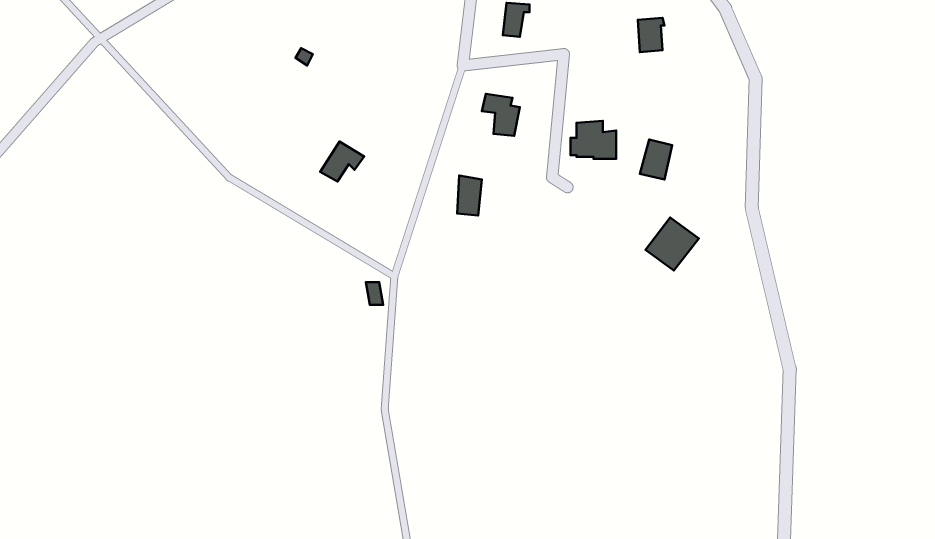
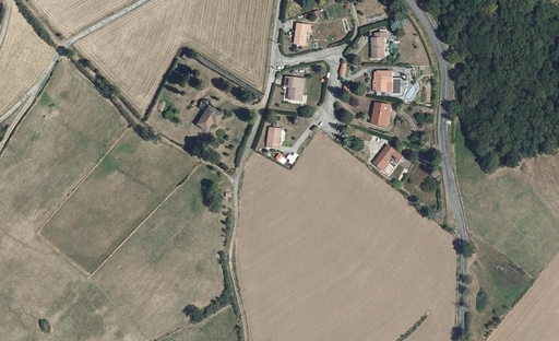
building: [571,121,616,159] -> [374,70,401,92]

